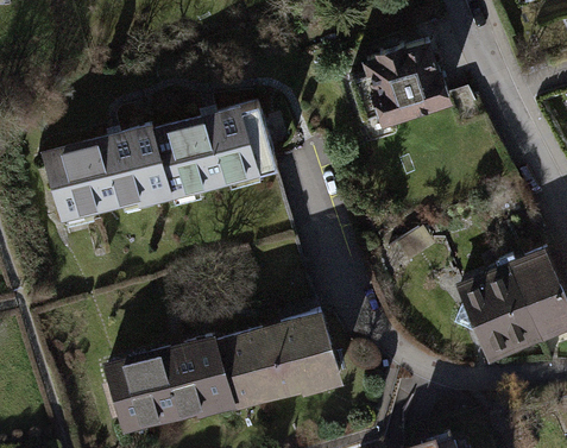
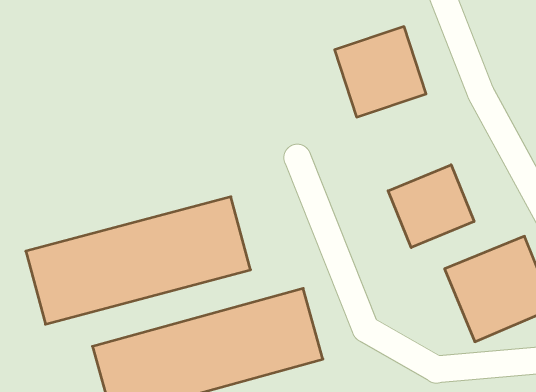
building: [44,96,275,227] -> [26,197,251,324]
building: none -> [388,165,474,248]

